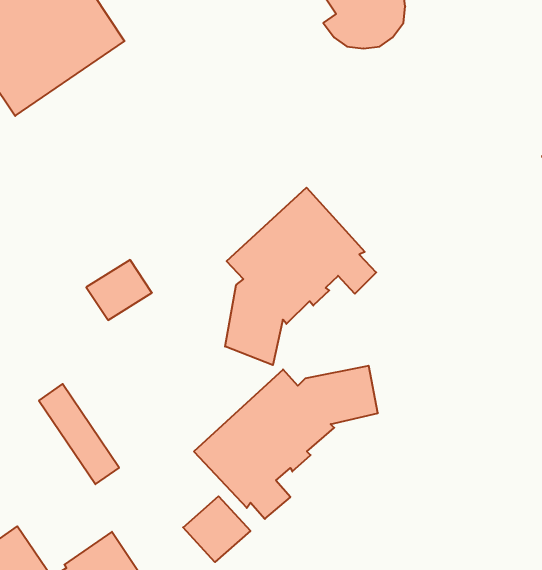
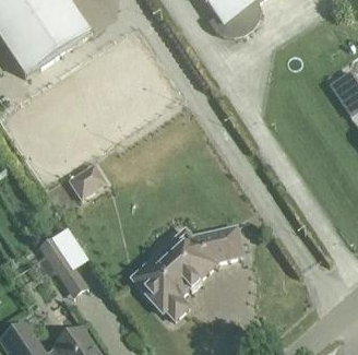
building: [225,188,376,365] -> none
building: [183,496,250,562] -> none

